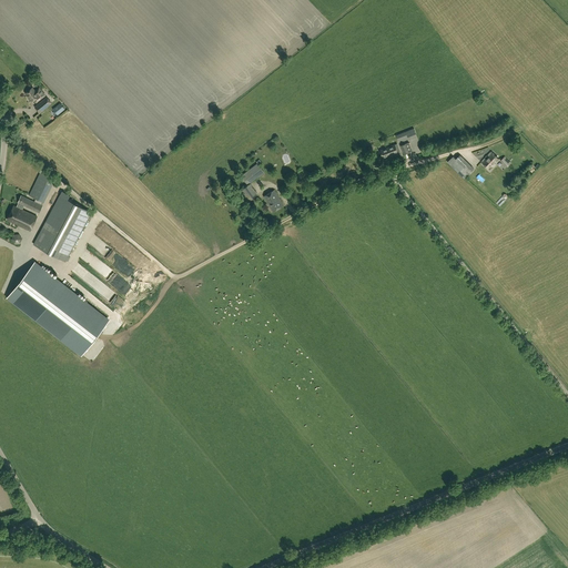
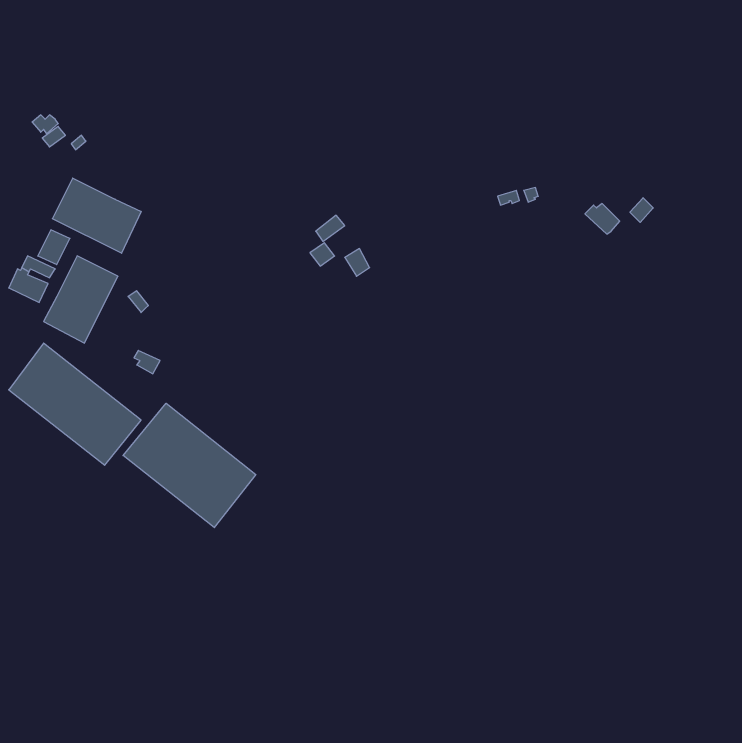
building: none -> [52,178,141,253]
building: none -> [123,403,256,528]

